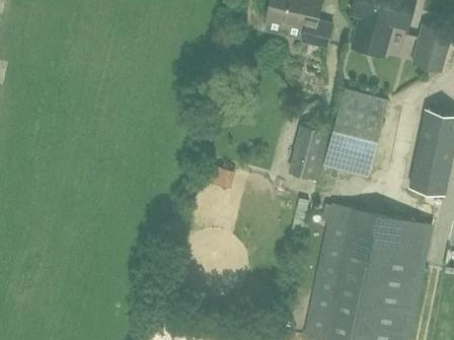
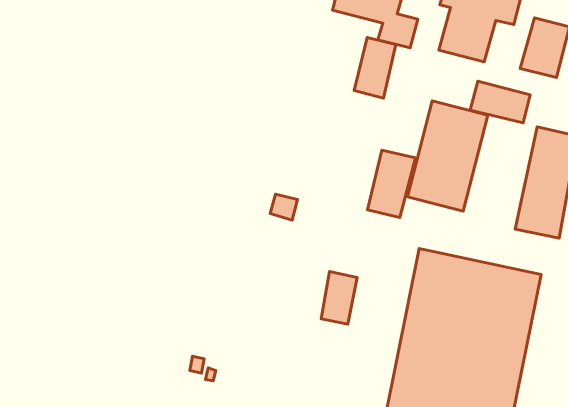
building: none -> [354,38,396,98]
building: none -> [470,81,530,123]
building: none -> [321,272,357,324]

